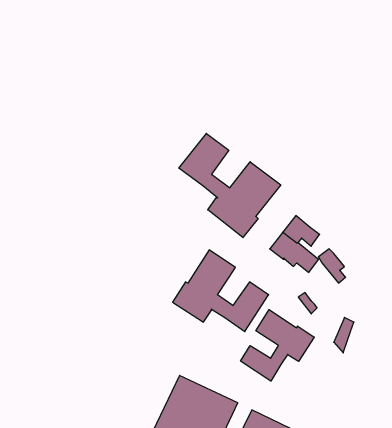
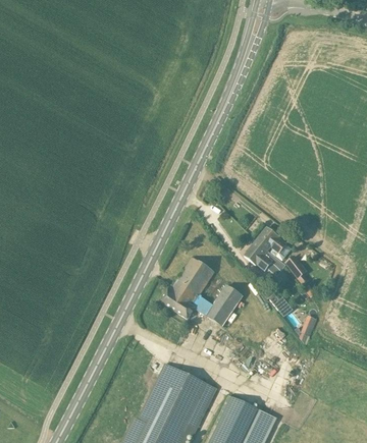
building: [179,133,281,238] -> none
building: [241,310,314,381] -> none

